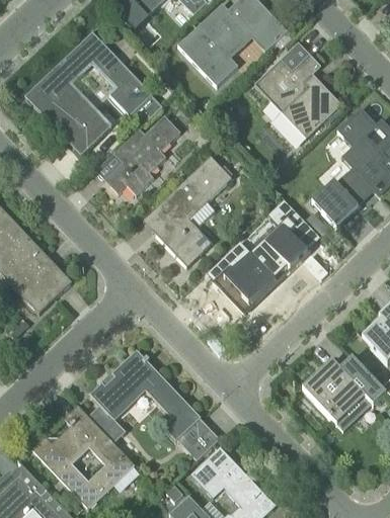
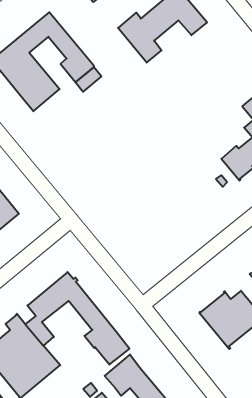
building: [255,44,342,140] -> none
building: [105,116,180,195] -> none
building: [154,157,232,266] -> none
building: [208,204,320,309] -> none

